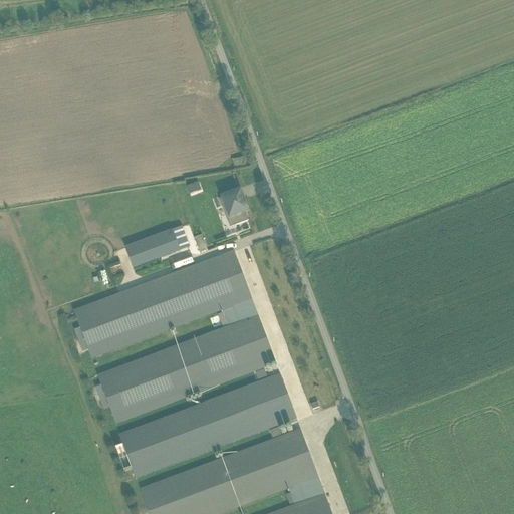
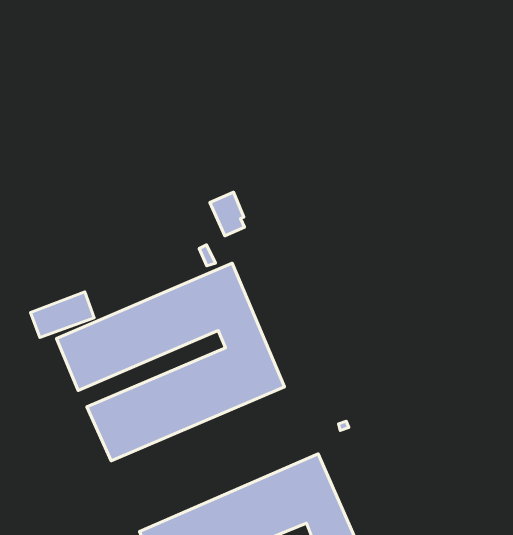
building: [135,226,192,265] -> [31,292,94,337]
building: [117,372,295,477] -> none

